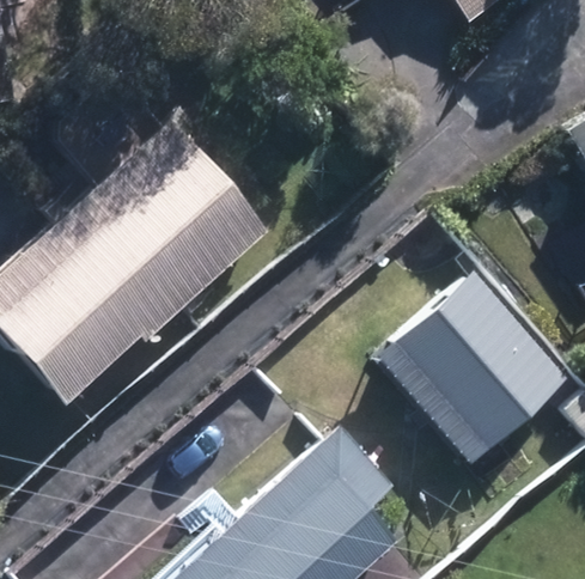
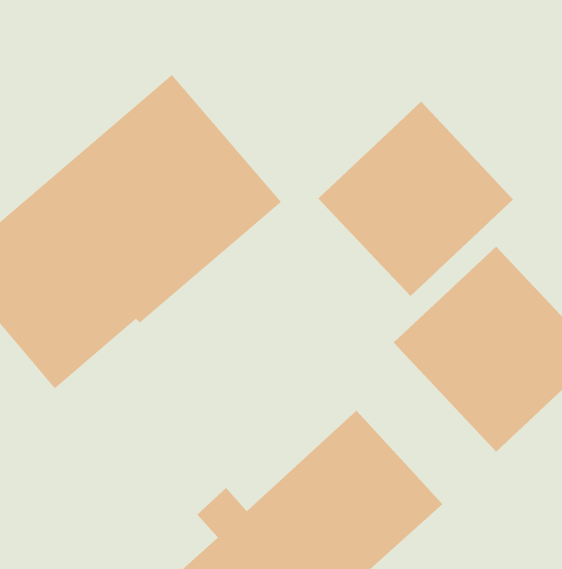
building: none -> [317,101,514,297]

